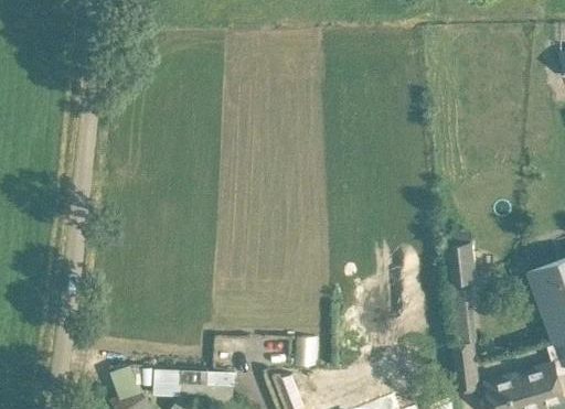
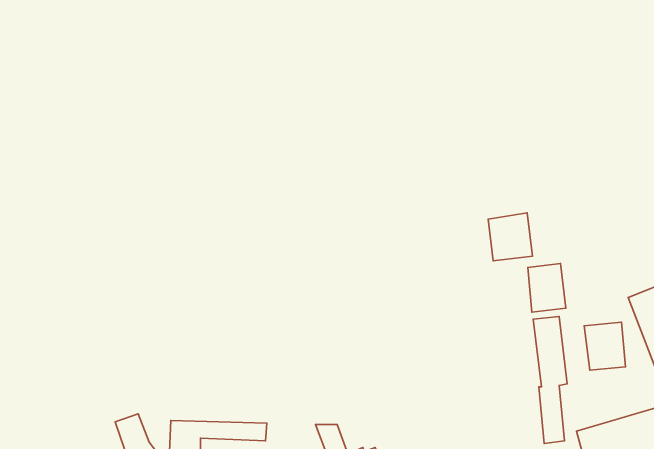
building: none -> [488,213,532,261]
building: none -> [584,322,626,370]

